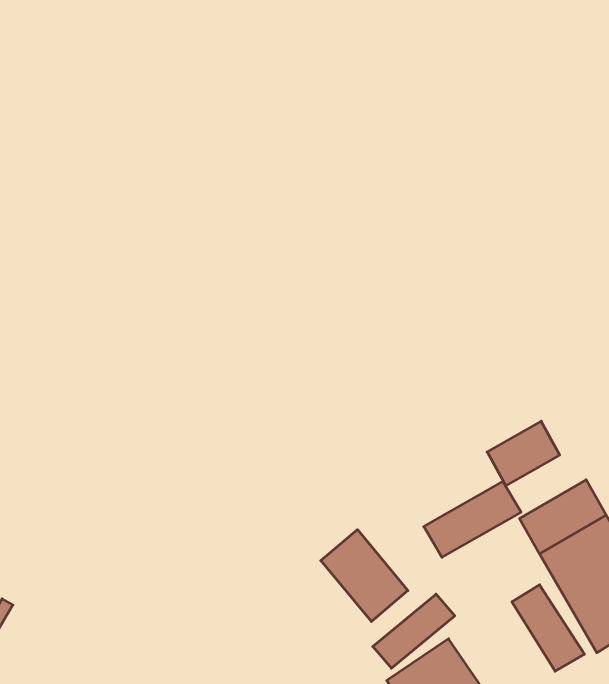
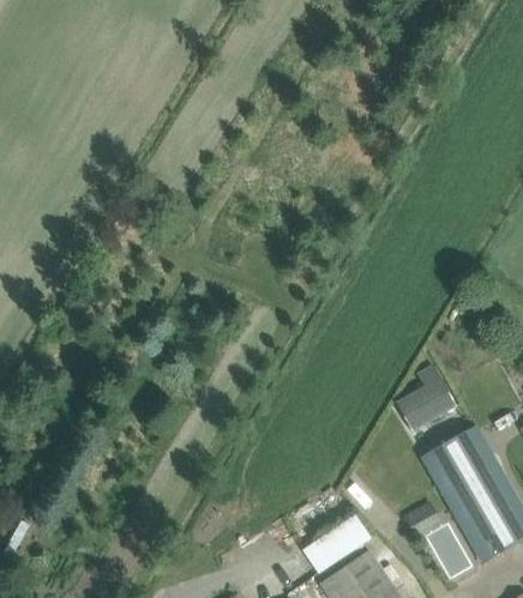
building: [424,481,521,557] -> none
building: [321,530,408,622] -> none

